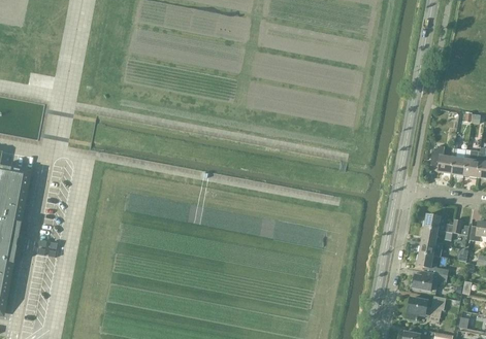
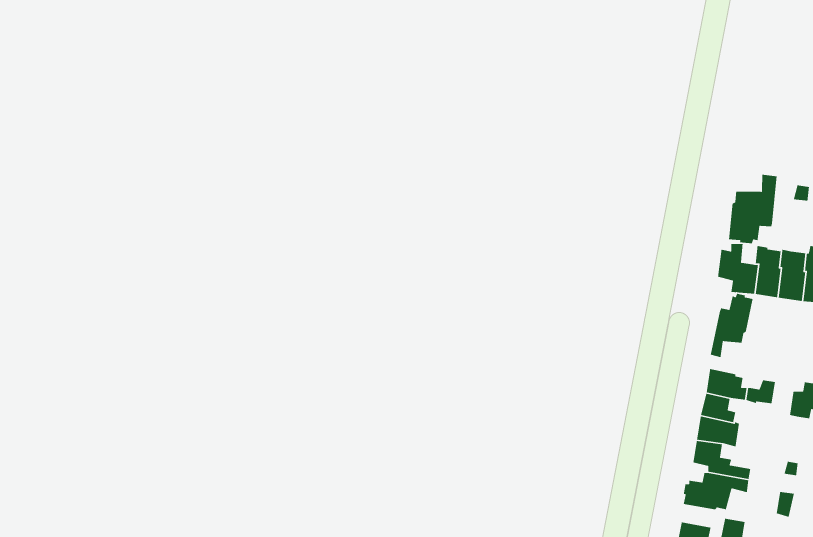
building: none -> [728,174,777,244]
building: none -> [710,293,754,358]

